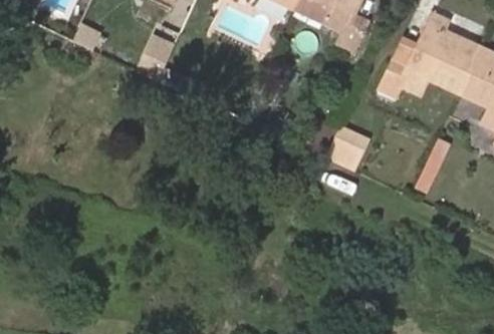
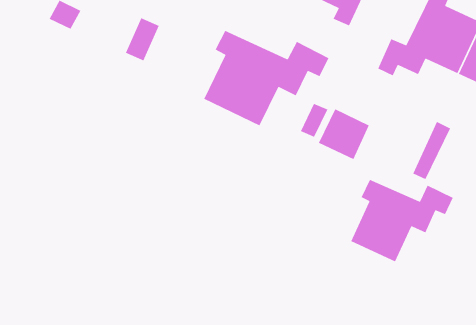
building: none -> [203,30,329,127]
building: none -> [350,179,454,262]

